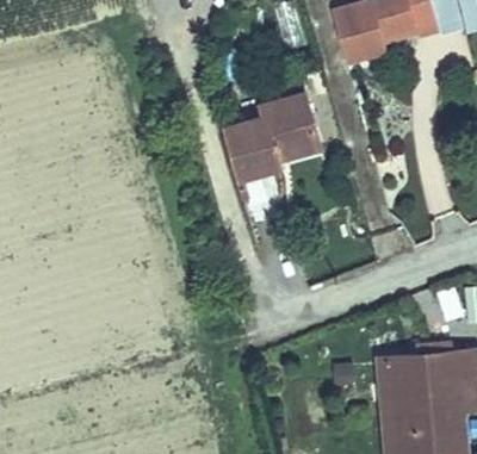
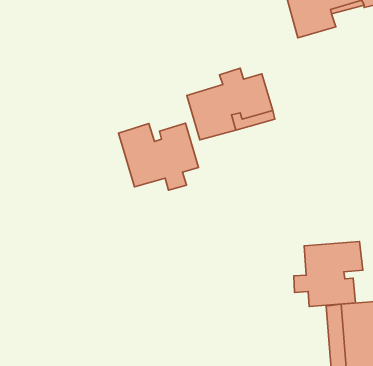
building: none -> [119,123,198,190]
building: none -> [294,241,363,307]

